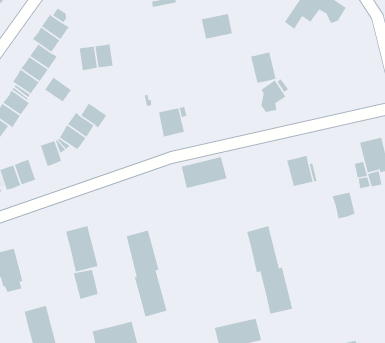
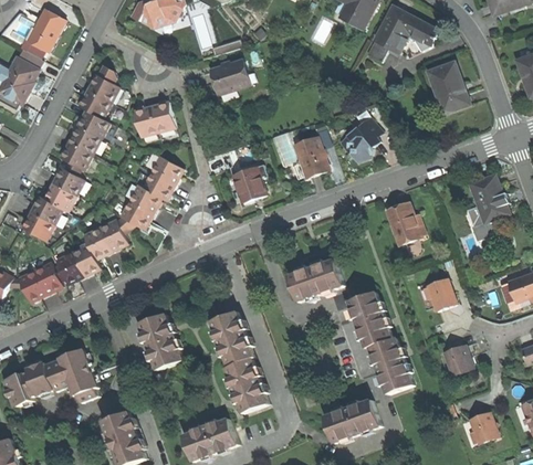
building: [201,13,233,40] -> [210,60,249,93]
building: none -> [427,62,468,114]
building: [250,51,276,84] -> [294,137,327,176]
building: [44,76,72,102] -> [150,155,182,183]
building: none -> [82,223,111,257]
building: [181,156,228,189] -> [288,258,343,300]
building: [332,192,355,219] -> [426,277,454,310]
building: [73,269,99,300] -> none
building: none -> [442,344,471,372]

